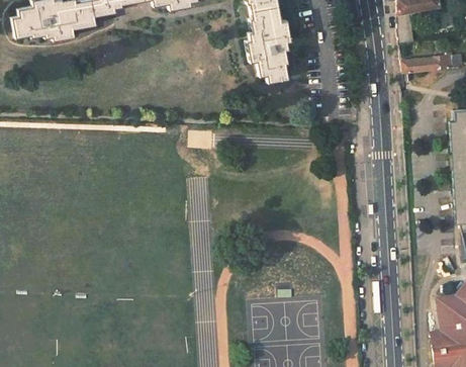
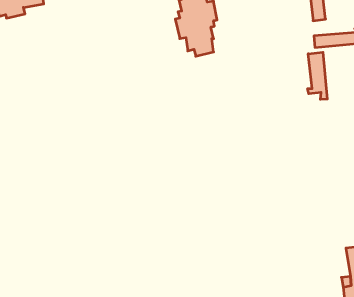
building: none -> [308,52,327,99]

